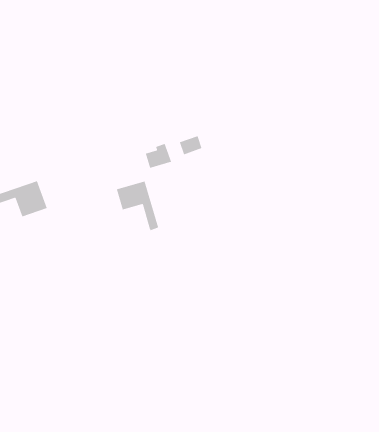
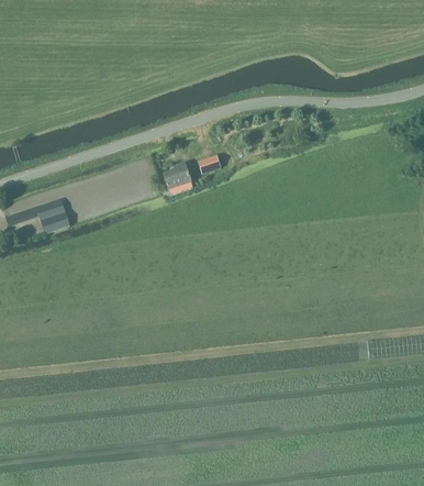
building: [116,180,159,231] -> none

